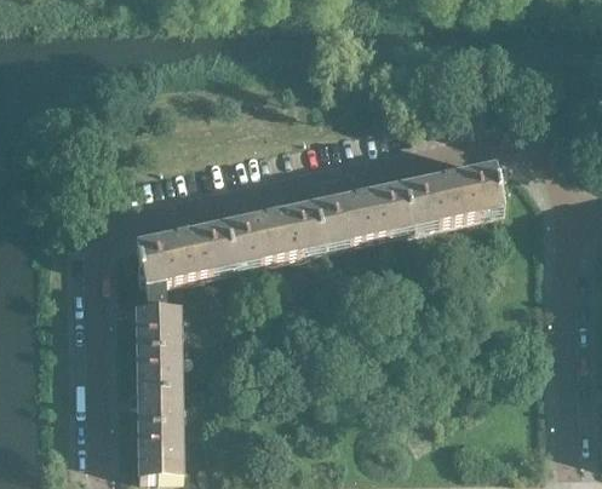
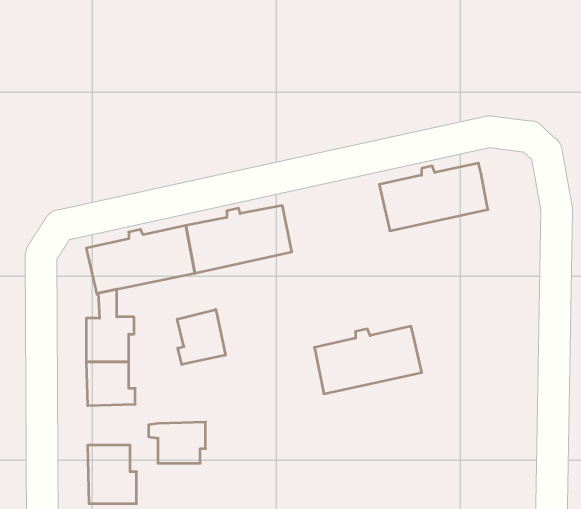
building: [316,182,414,243] -> [314,326,422,394]
building: none -> [177,309,225,365]
building: [130,382,182,420] -> [149,422,206,463]

